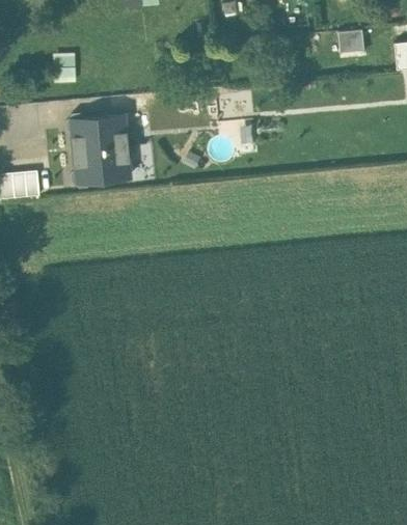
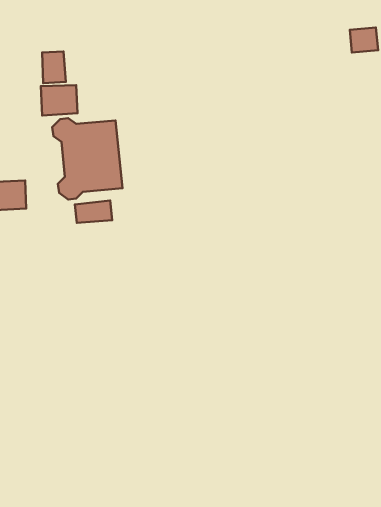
building: none -> [41,85,78,115]
building: none -> [75,201,112,223]

